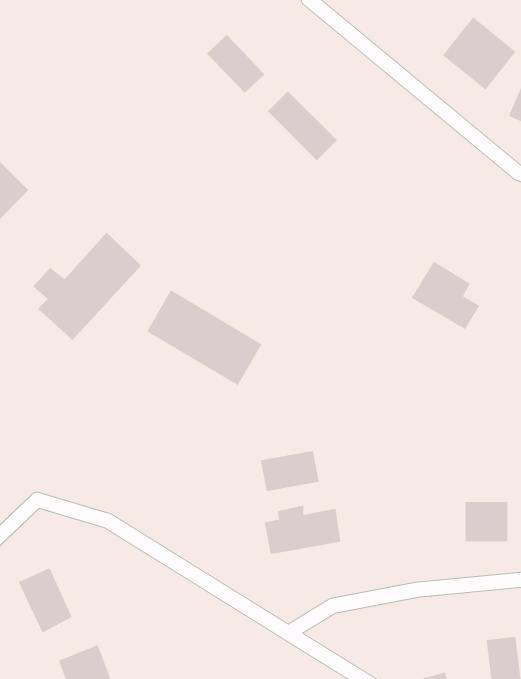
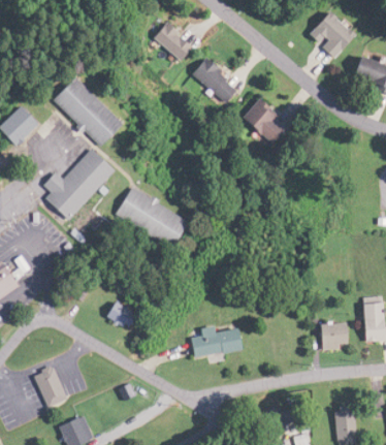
building: none -> [50,76,121,146]
building: [411,261,480,330] -> [242,100,286,145]
building: [260,450,319,492] -> none
building: none -> [106,299,136,328]

